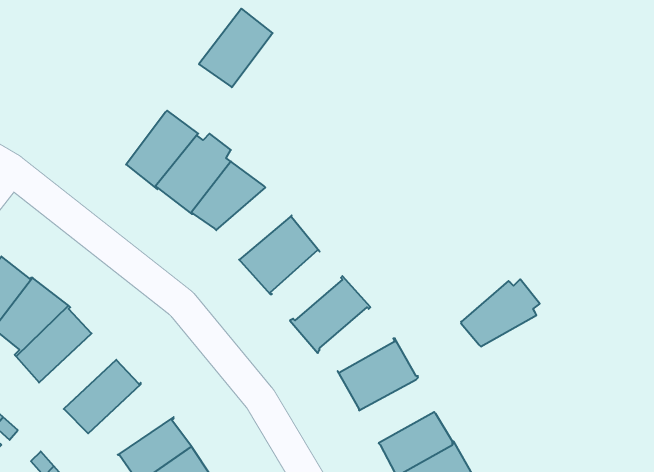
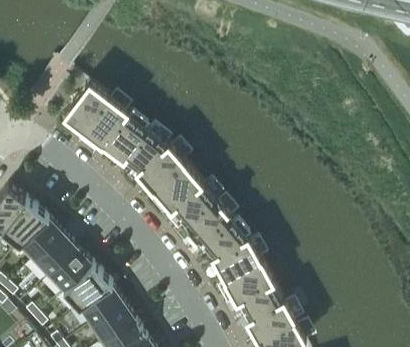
building: [199,9,273,87] -> [65,83,110,131]
building: none -> [138,143,186,190]
building: none -> [173,183,217,226]
building: [461,279,540,346] -> [203,217,251,258]
building: none -> [32,234,79,280]
building: none -> [226,261,275,303]
building: none -> [62,265,114,308]

